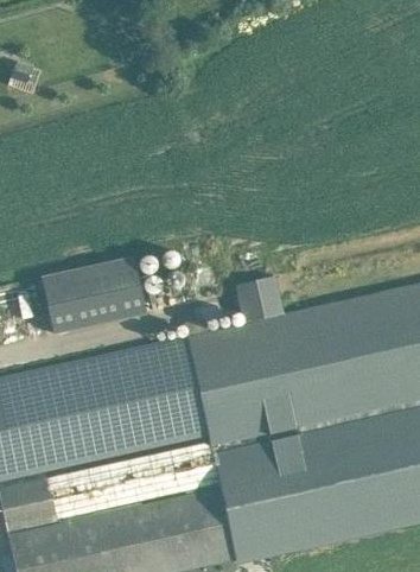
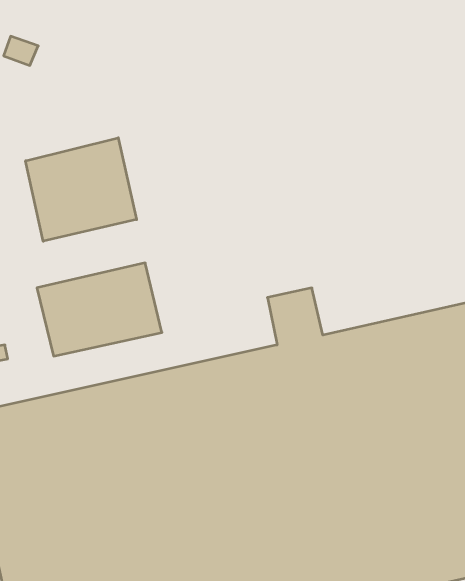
building: none -> [26,138,137,241]

